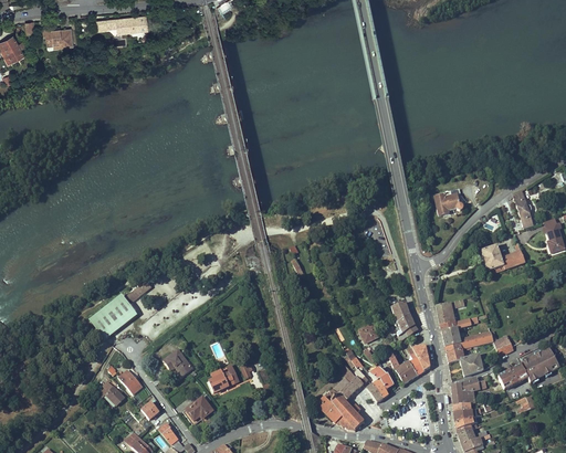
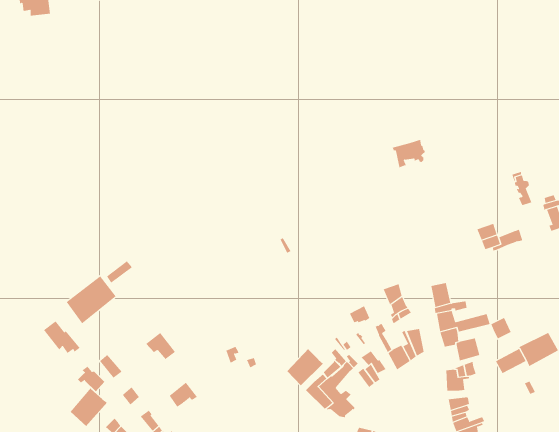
building: [431,188,463,215] -> [392,139,425,168]
building: none -> [43,320,81,354]
building: [208,364,239,394] -> none
building: none -> [286,348,324,386]
building: none -> [70,387,108,427]

